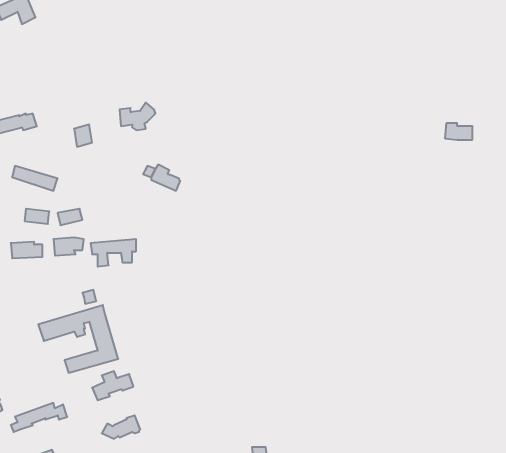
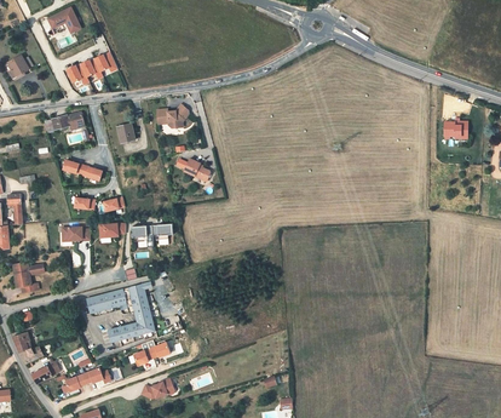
building: none -> [65,51,116,84]

